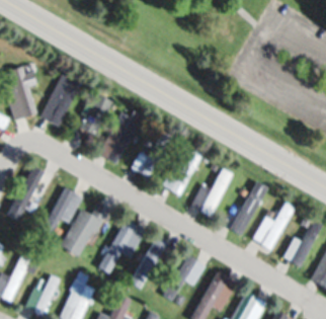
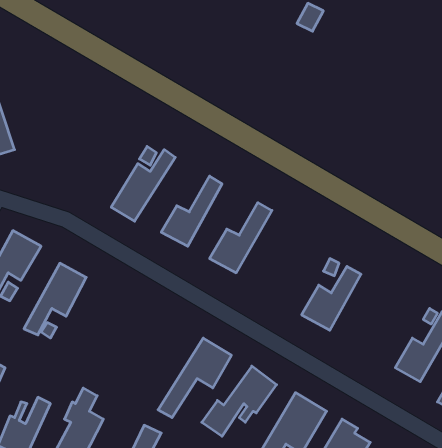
building: [40,72,80,125] -> none
building: [81,93,112,134] -> none
building: [192,168,233,216] -> none
building: [61,202,108,256] -> none
building: [255,202,296,250] -> none
building: [98,220,146,274] -> none

